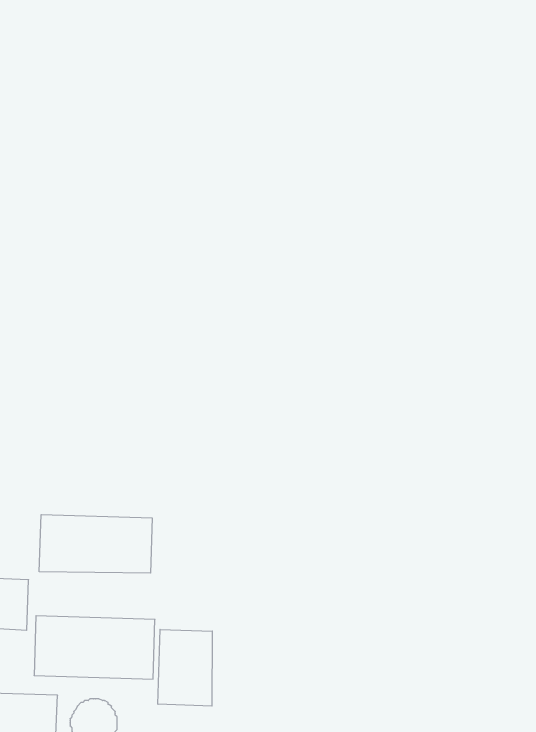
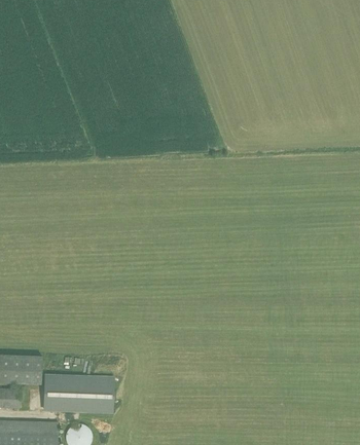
building: [39,515,152,573] -> none
building: [158,629,212,706] -> none

